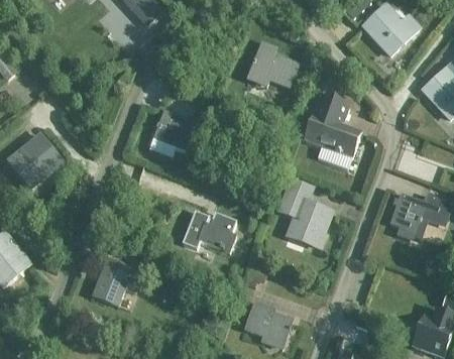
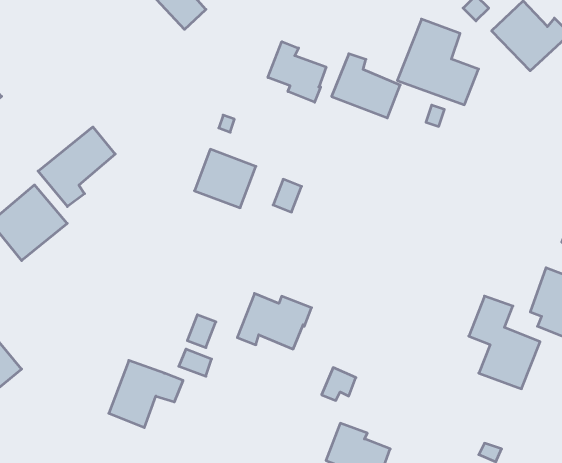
building: none -> [268,42,326,102]
building: none -> [38,127,115,207]
building: [304,96,361,156] -> [397,19,479,105]
building: [279,181,330,246] -> [469,296,540,389]

